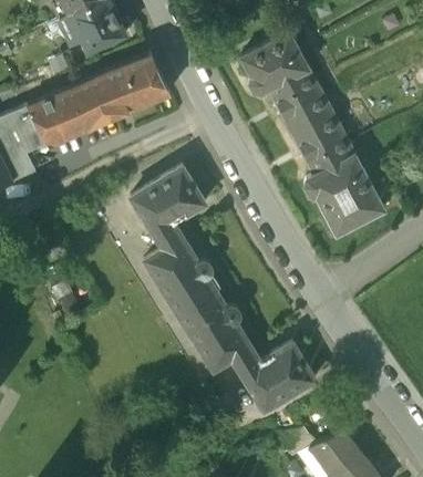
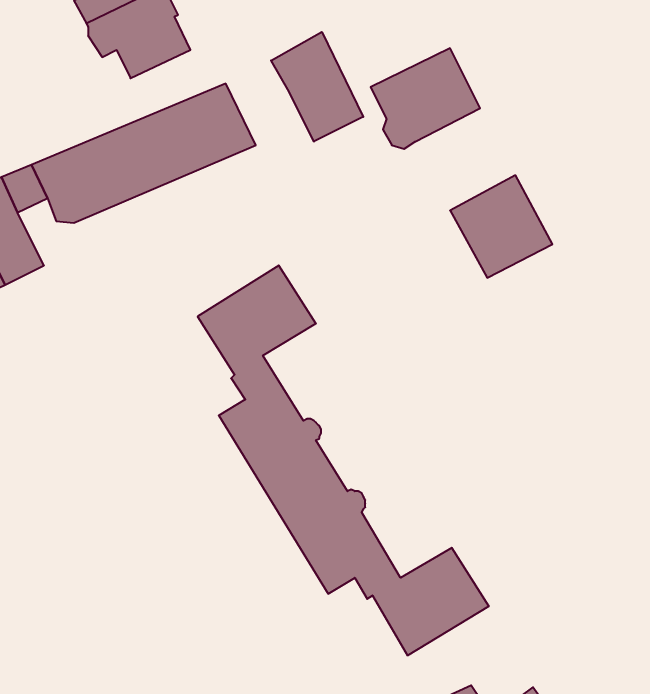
building: none -> [271,32,363,142]
building: [269,70,332,134] -> none
building: [305,155,386,239] -> none

